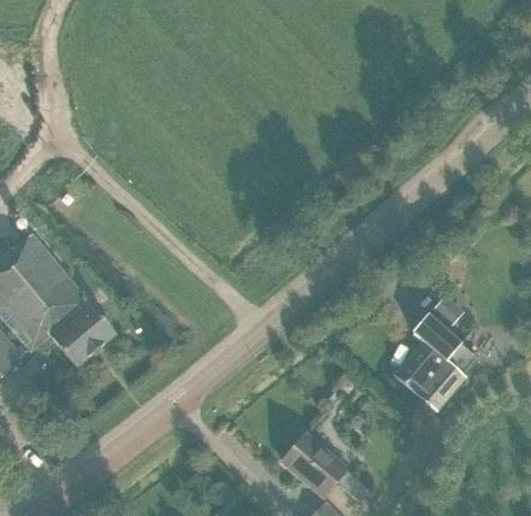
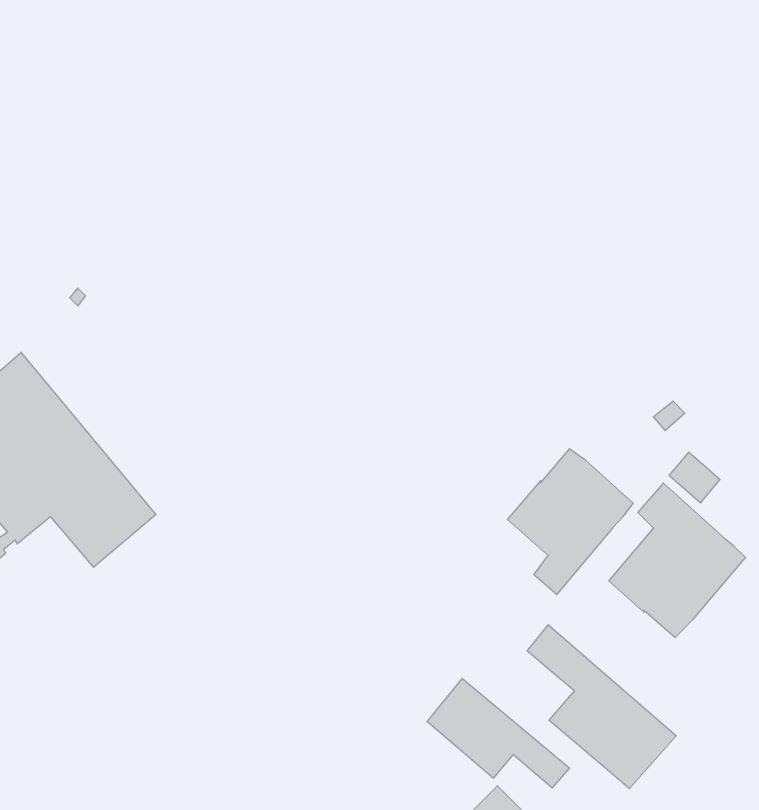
building: none -> [508,449,633,594]
building: none -> [527,625,676,788]

